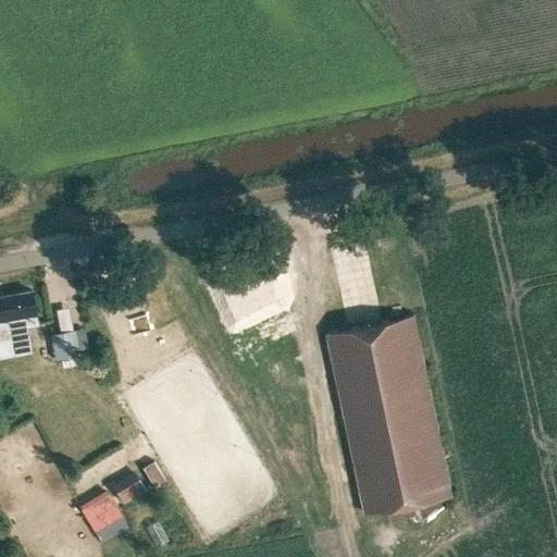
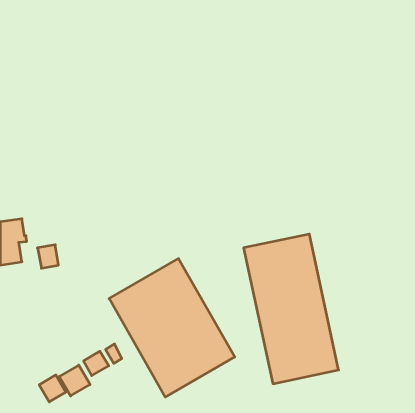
building: none -> [109,259,235,397]
building: none -> [39,375,66,402]

